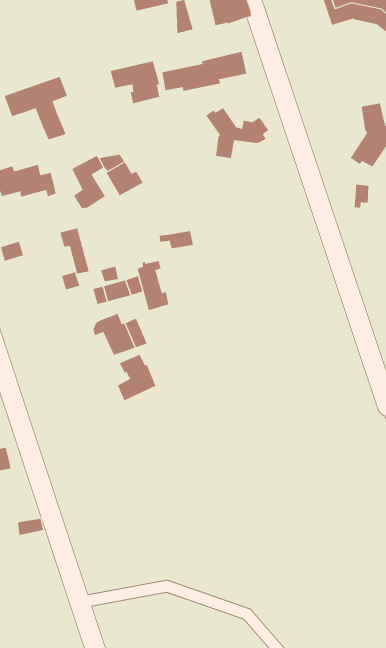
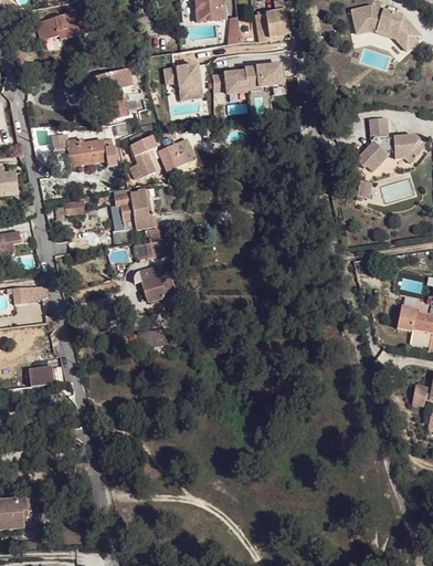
building: [206,107,269,159] -> none
building: [137,261,169,311] -> [130,187,154,228]
building: [117,354,156,401] -> none

